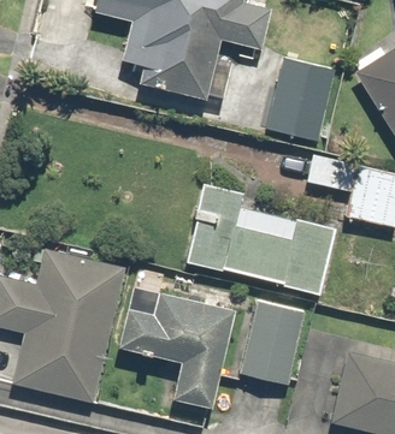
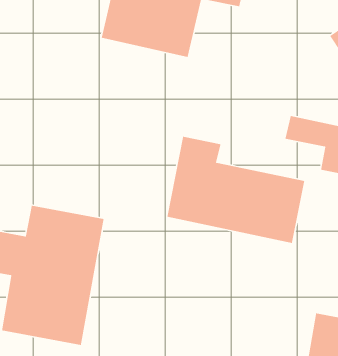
building: [267,55,336,138] -> none
building: [122,287,234,404] -> none
building: [241,303,306,380] -> none

